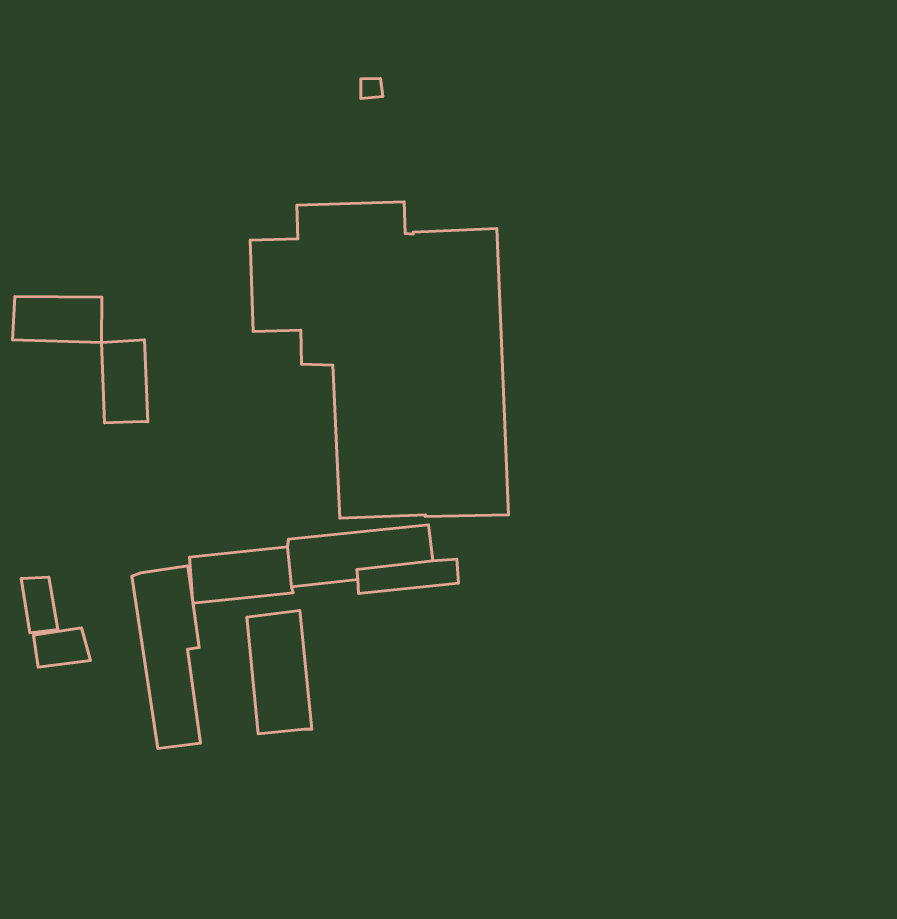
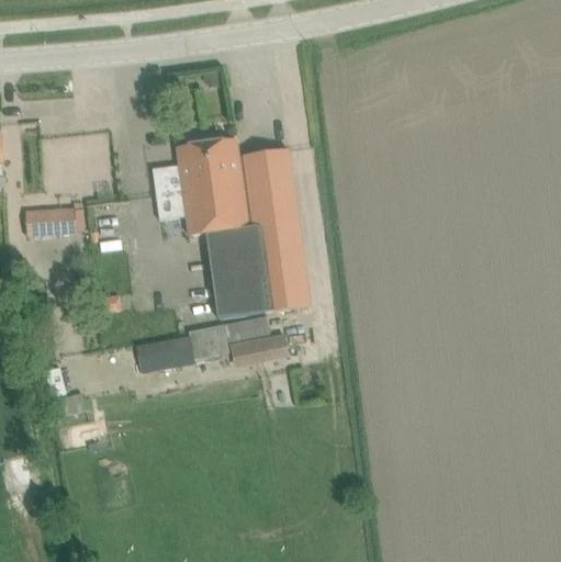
building: [101,340,148,423] -> none
building: [132,566,200,748] -> none
building: [247,611,312,734] -> none

